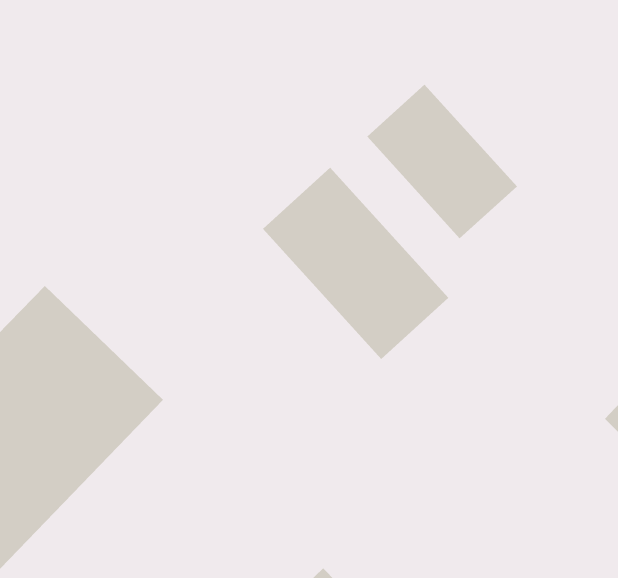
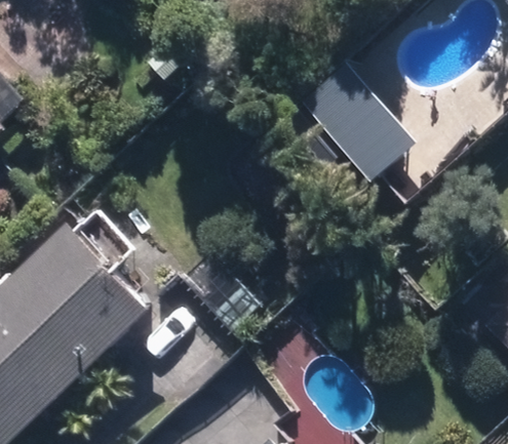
building: [262,167,449,360] -> none

